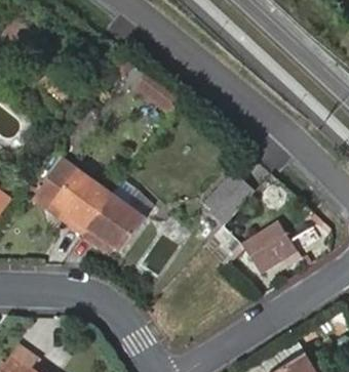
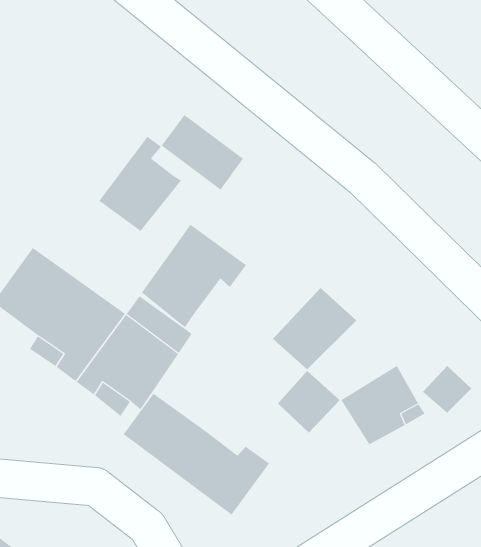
building: none -> [98,136,182,232]
building: none -> [141,224,247,328]
building: none -> [123,393,270,515]

